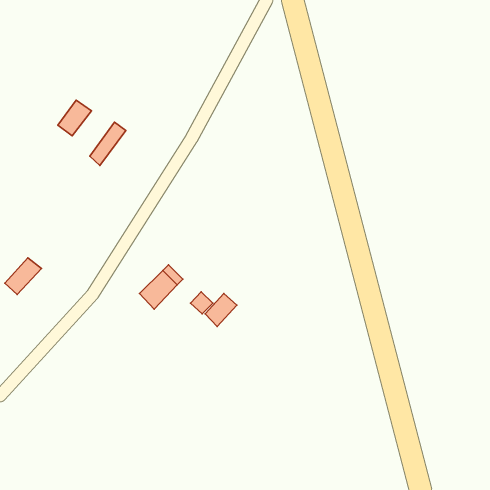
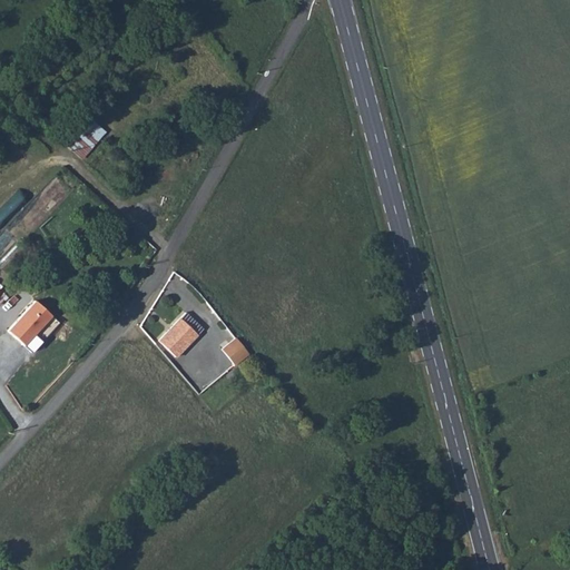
building: [90,122,126,166] -> none
building: [205,293,237,326] -> none

